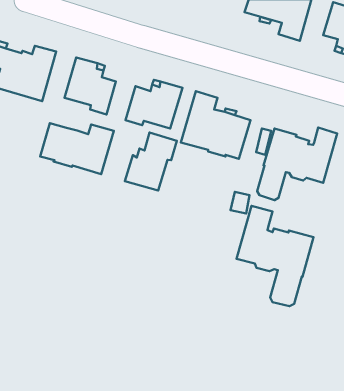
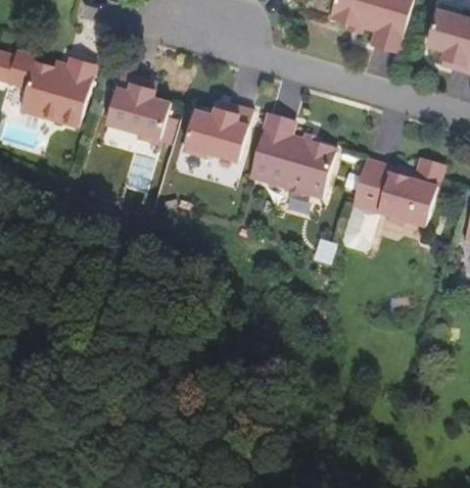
building: [40,123,114,174] -> none
building: [125,133,177,191] -> none
building: [236,206,314,306] -> none

